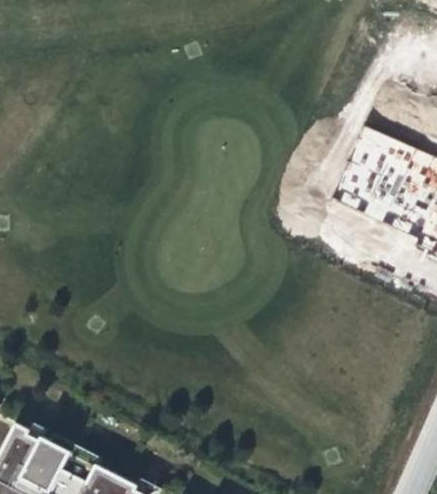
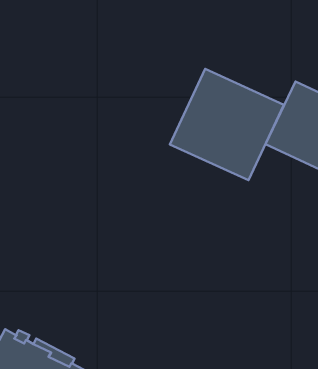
building: none -> [170,69,284,180]

